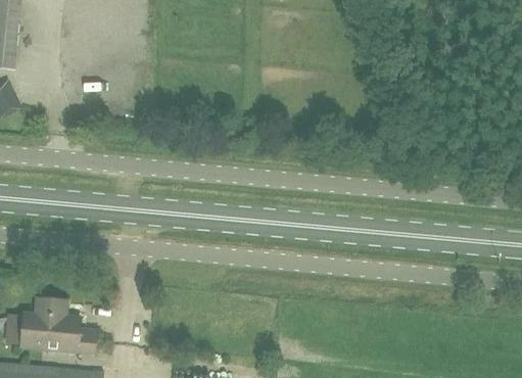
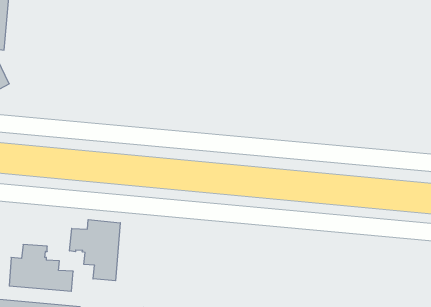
building: none -> [70,220,120,281]

